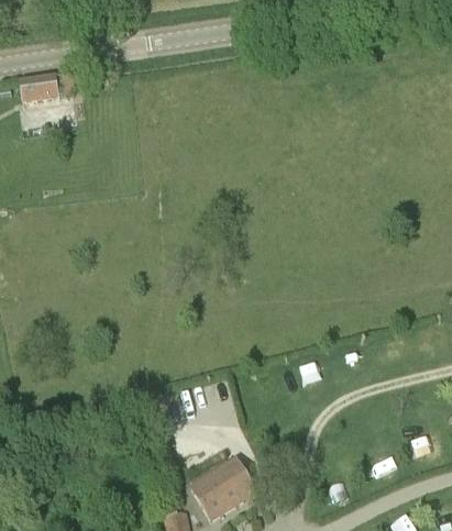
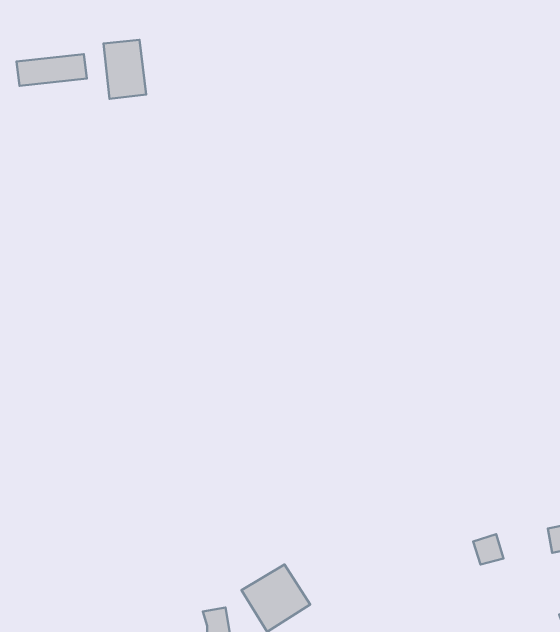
building: none -> [104,40,146,99]

